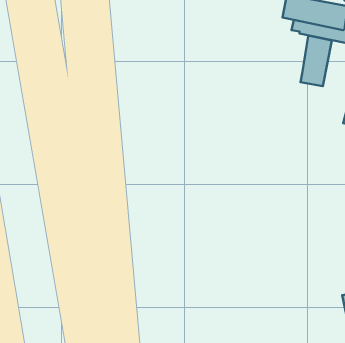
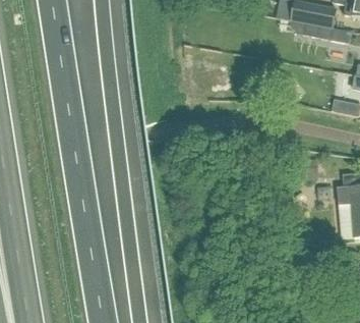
building: [300,36,332,86] -> none

